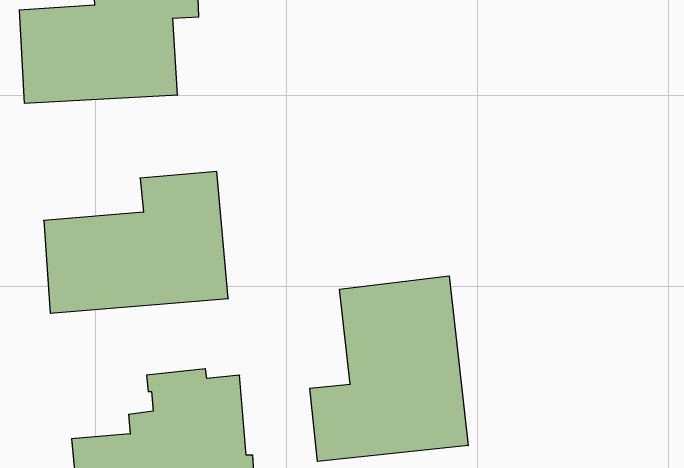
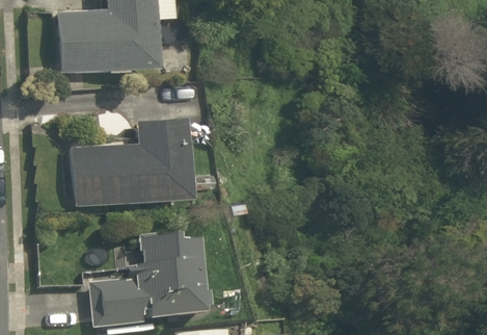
building: [310,276,468,461] -> none

